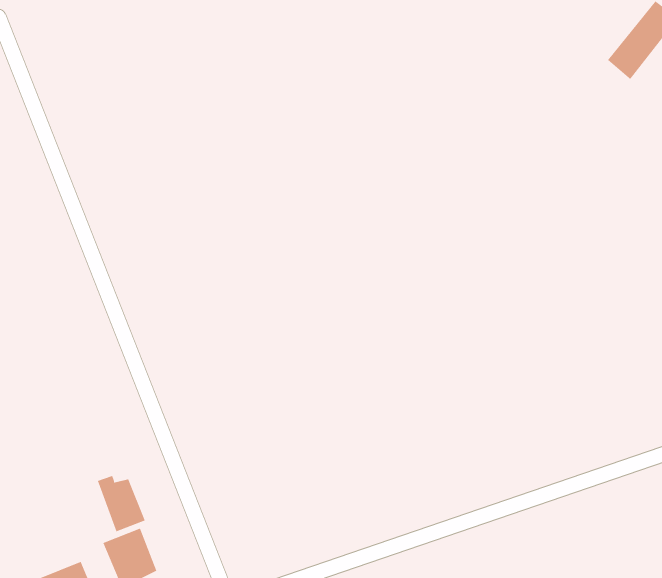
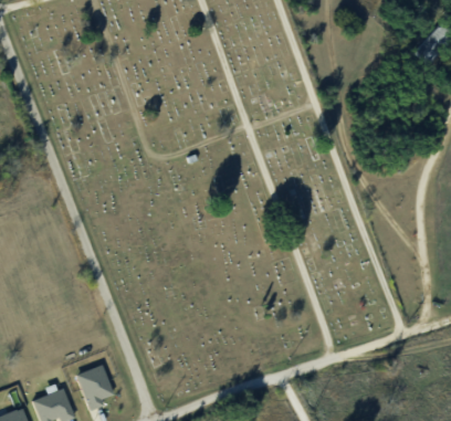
building: [97,475,145,532] -> none

